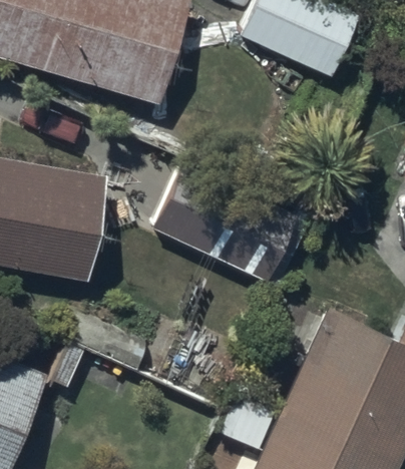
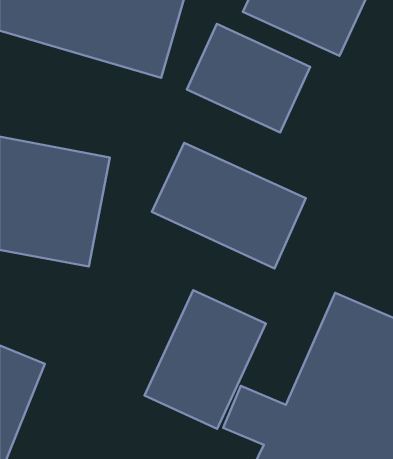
building: none -> [187,24,310,132]
building: none -> [144,290,266,429]

